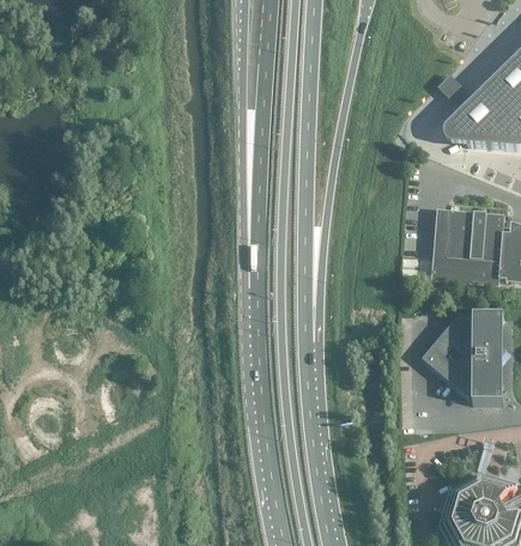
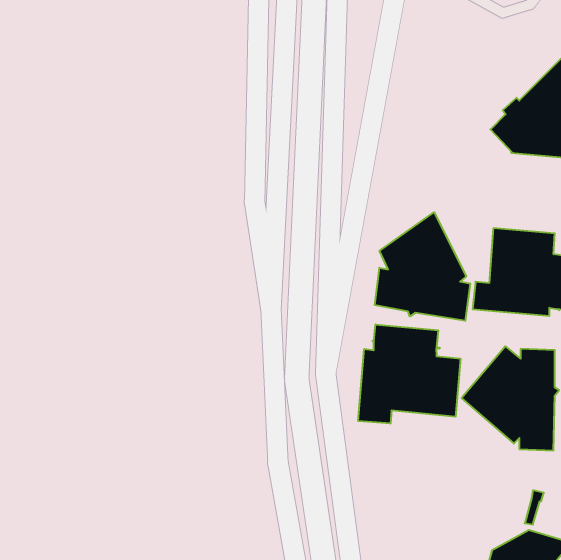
building: none -> [375,212,470,321]
building: none -> [358,324,460,424]

